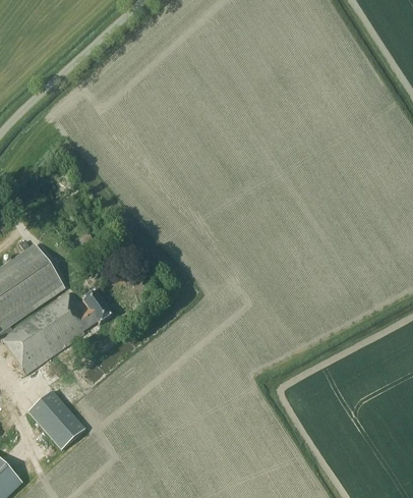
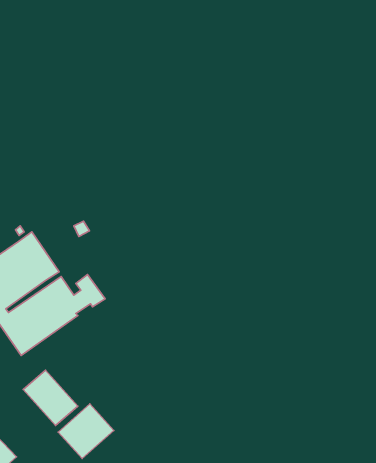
building: none -> [58,404,114,459]

